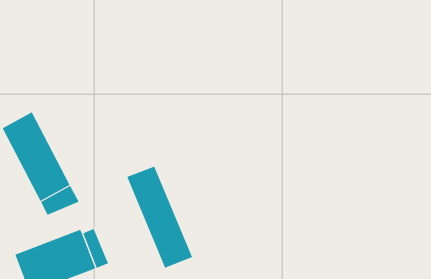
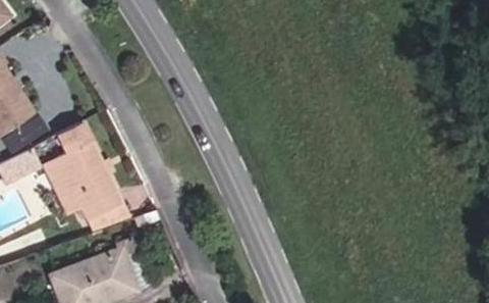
building: [127,166,193,268] -> none

